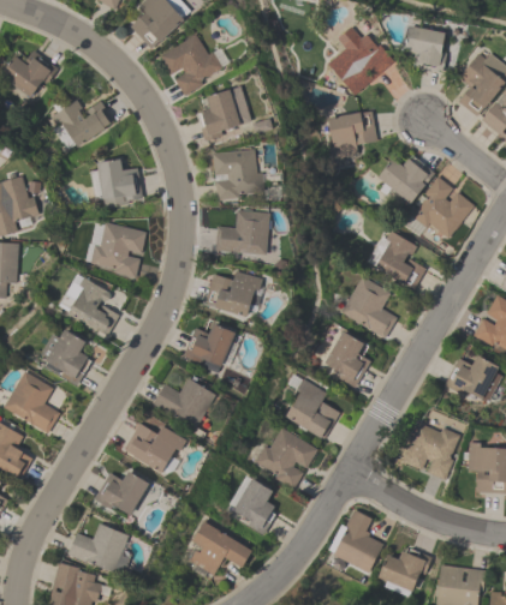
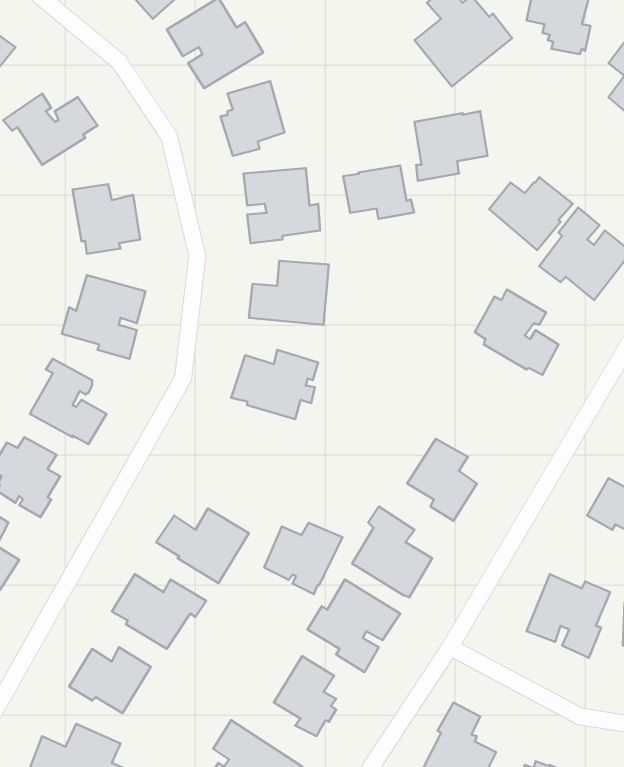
building: none -> [343,166,414,219]
building: [340,275,397,337] -> none
building: [183,325,236,373] -> [264,523,342,594]

